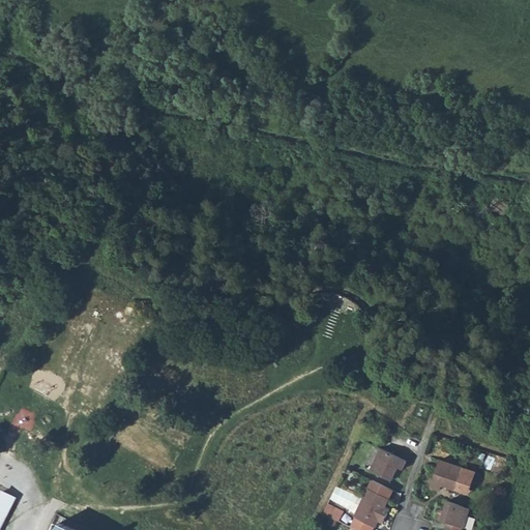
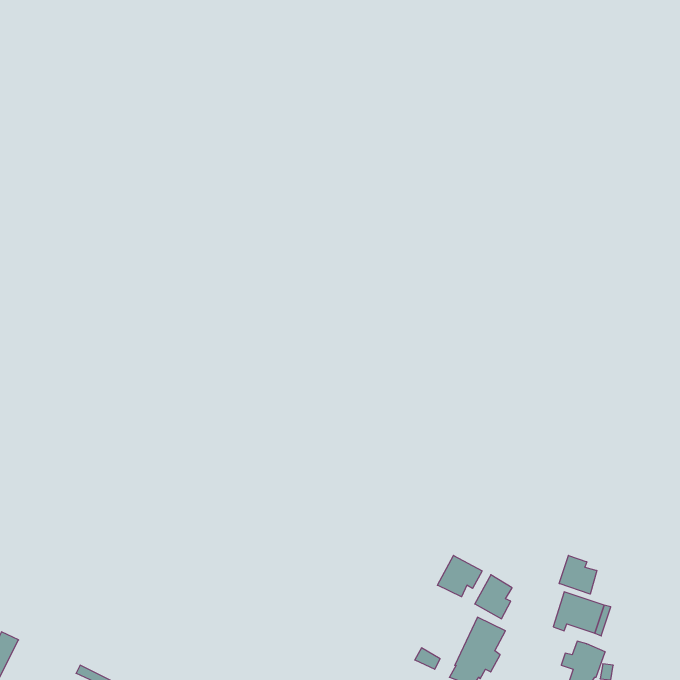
building: none -> [559,555,597,594]
building: none -> [437,555,482,597]

